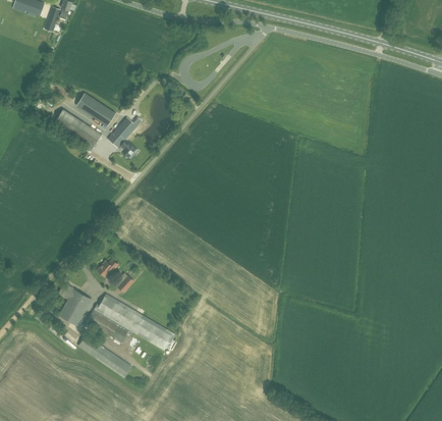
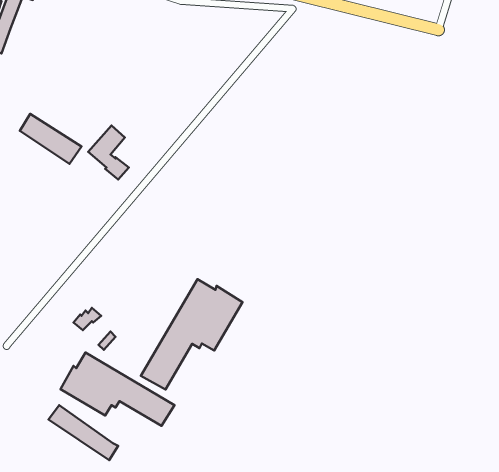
building: [77,91,117,124] -> none
building: none -> [141,279,243,389]
building: [57,282,91,324] -> none

